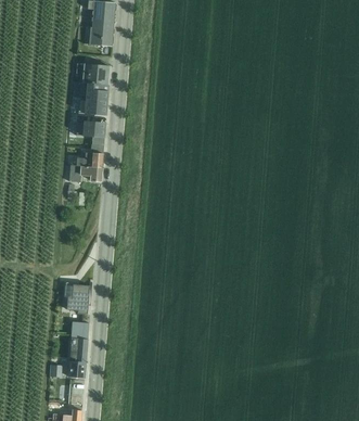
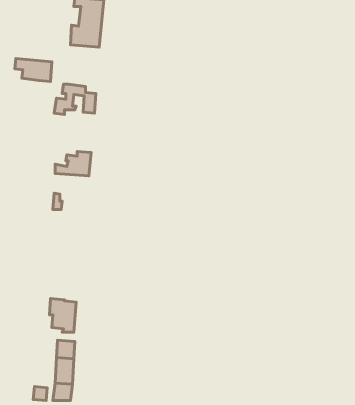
building: [76,63,111,85] -> [15,58,52,82]
building: [79,117,110,133] -> none
building: [69,165,102,182] -> none

